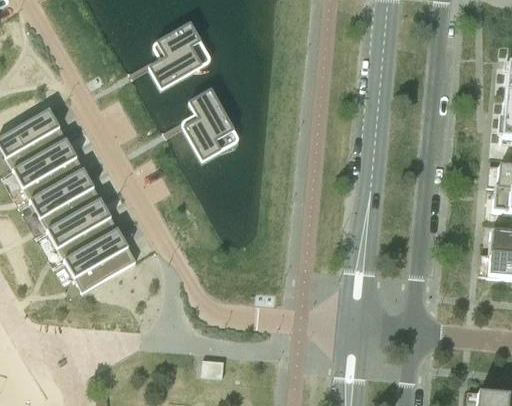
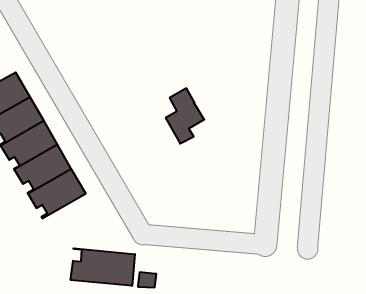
building: [149,25,201,88] -> none
building: [185,90,233,159] -> [166,88,204,144]
building: none -> [71,248,135,286]

